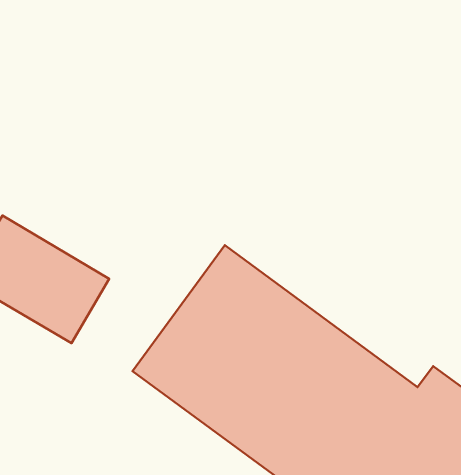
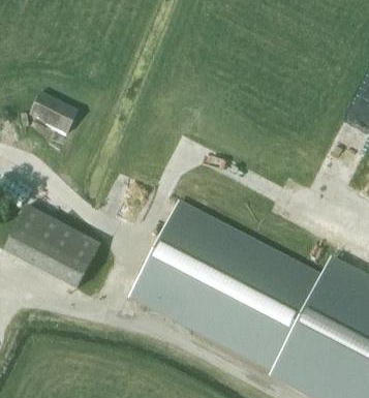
building: none -> [28,91,78,132]

